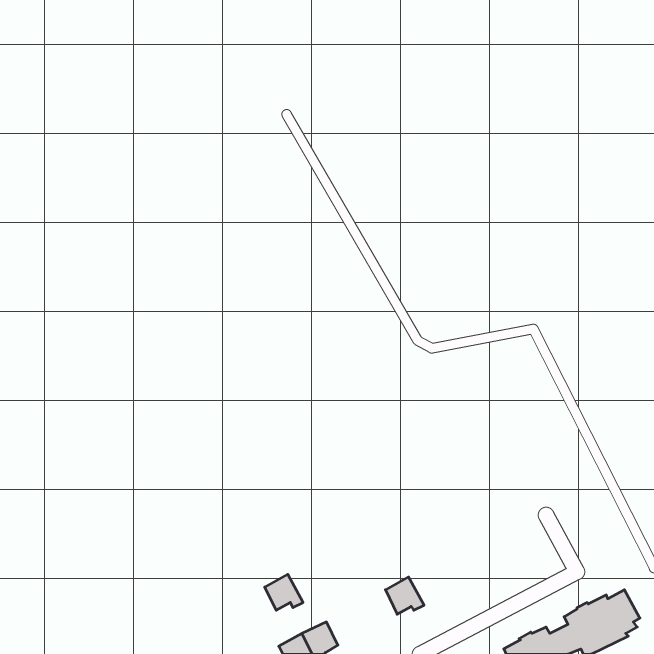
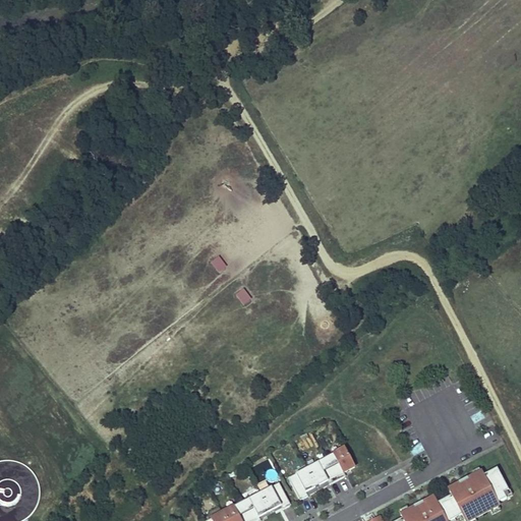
building: none -> [324,448,353,479]
building: [265,574,303,610] -> [258,482,289,511]
building: none -> [286,467,314,500]

